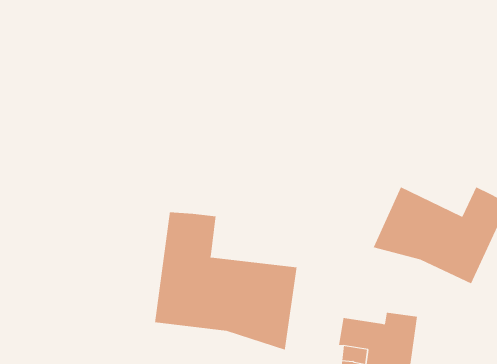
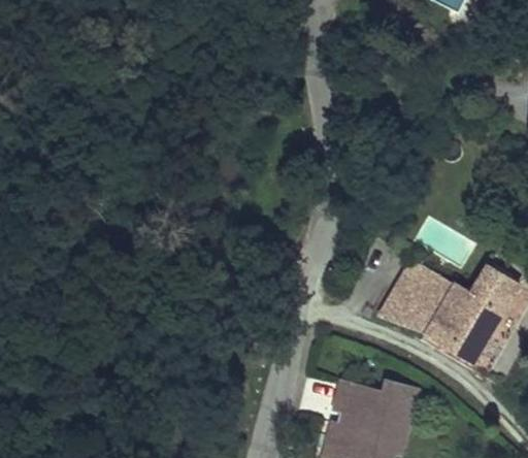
building: [155,212,297,351] -> none

